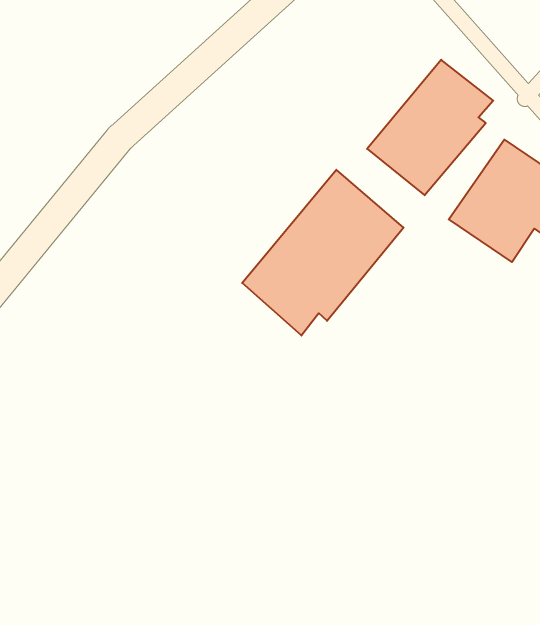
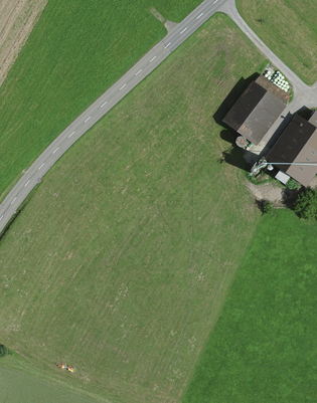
building: [242,170,404,336] -> none

